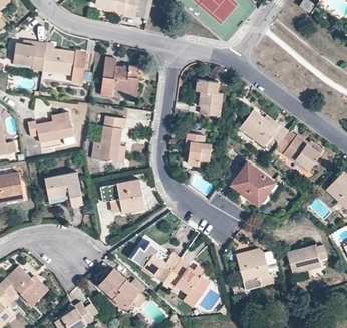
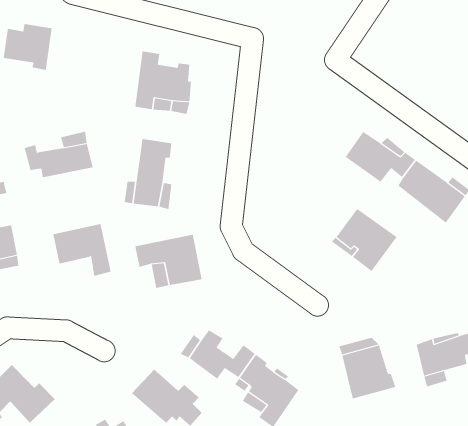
building: [42,43,87,86] -> none
building: [196,79,222,117] -> none
building: [185,132,211,166] -> none

